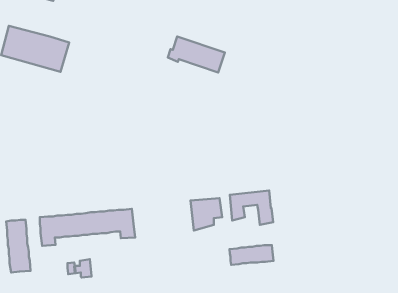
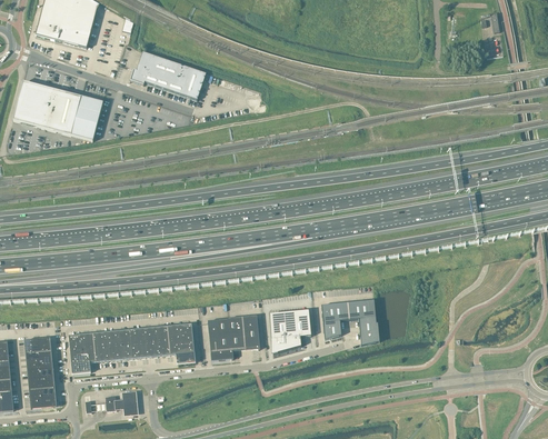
building: [168,37,225,73] -> [130,51,206,99]
building: none -> [208,315,260,359]
building: [230,245,274,265] -> none

